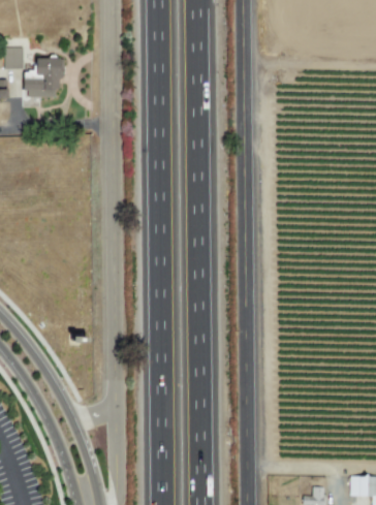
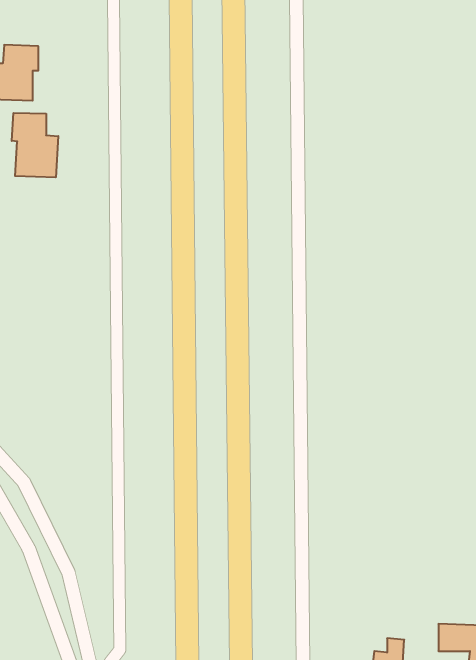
building: none -> [12,113,58,177]

